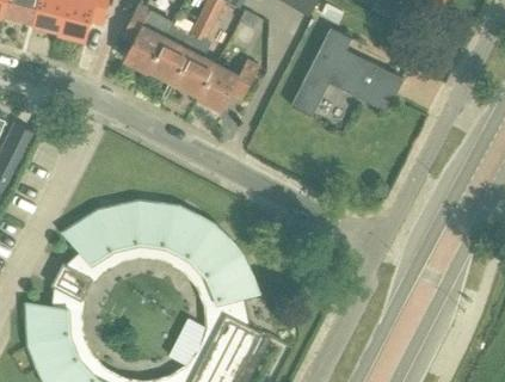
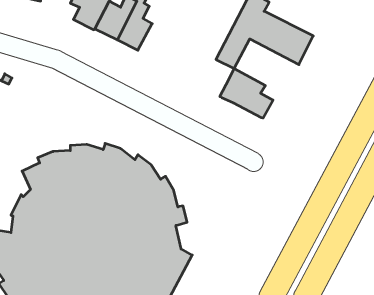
building: [198,60,259,110] -> none
building: none -> [220,69,273,118]

